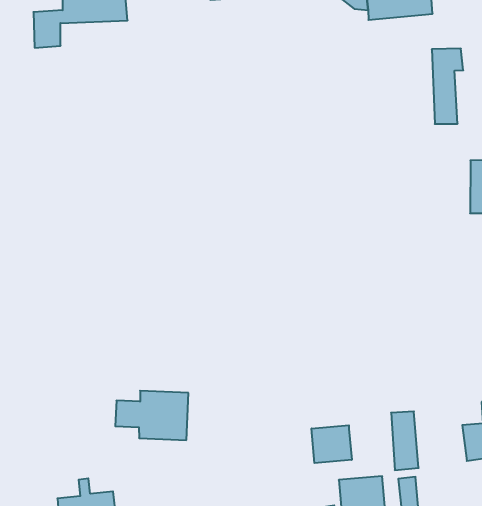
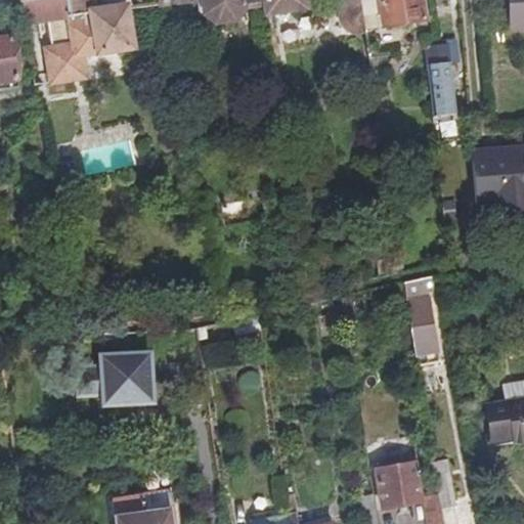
building: [115,391,188,440] -> [83,353,152,400]
building: [391,411,419,470] -> [406,298,437,355]
building: [312,425,352,463] -> none

